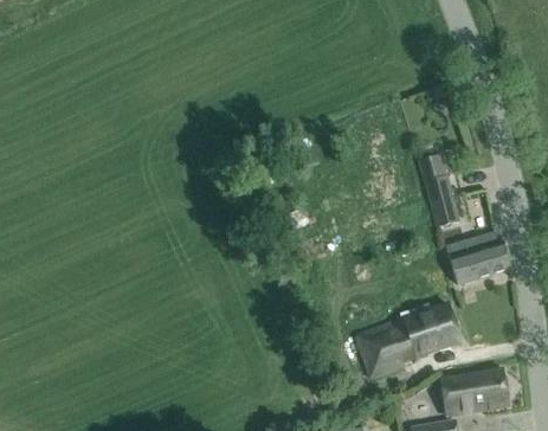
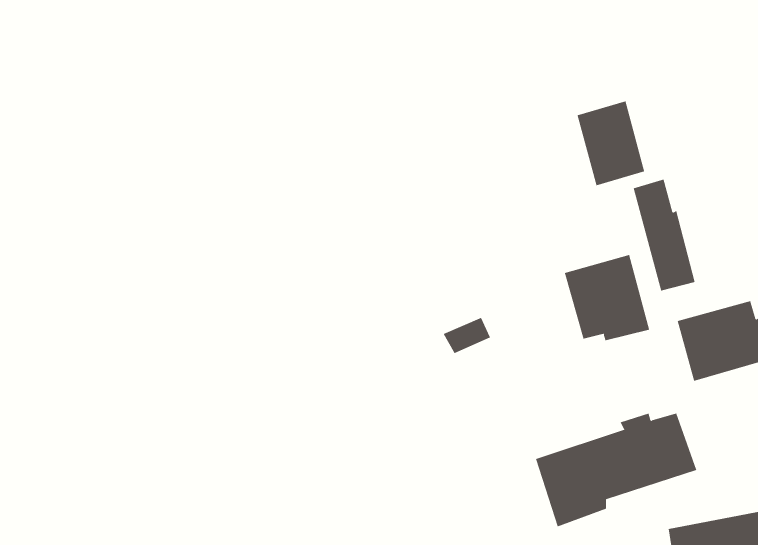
building: none -> [577,100,645,186]
building: none -> [564,254,650,341]

